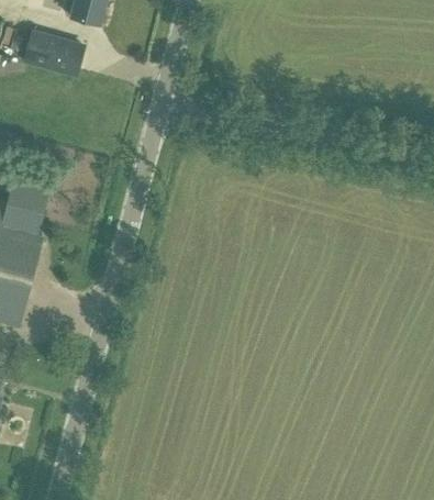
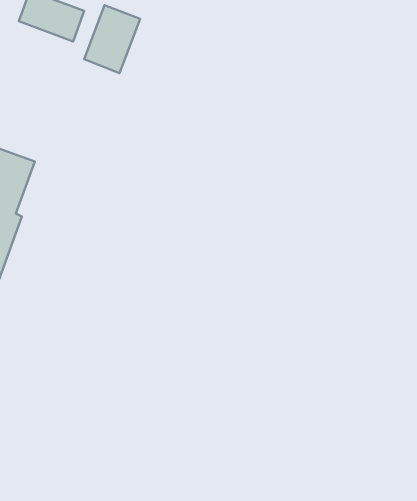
building: none -> [84,5,140,73]

